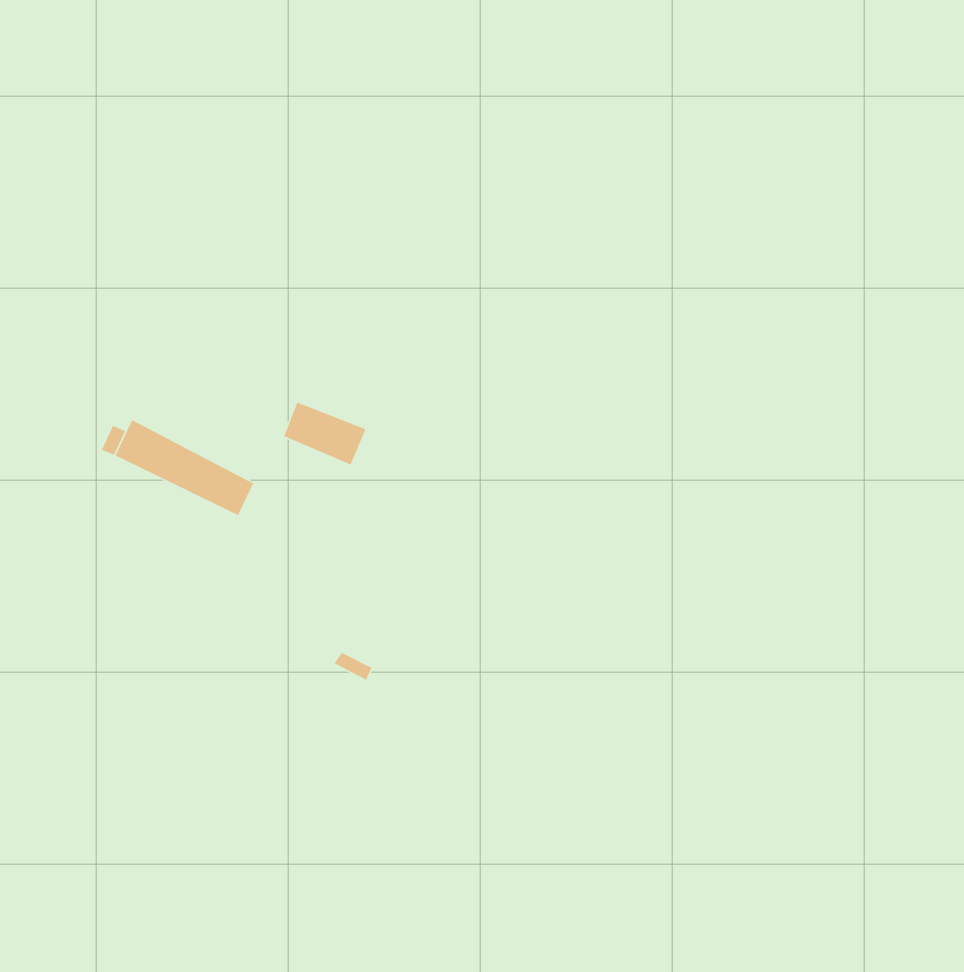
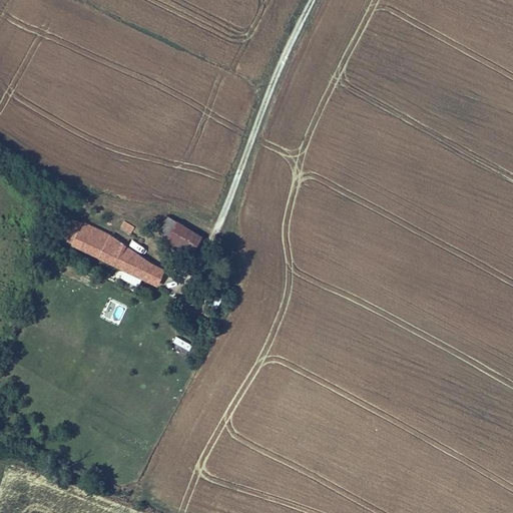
building: none -> [137,260,167,288]

